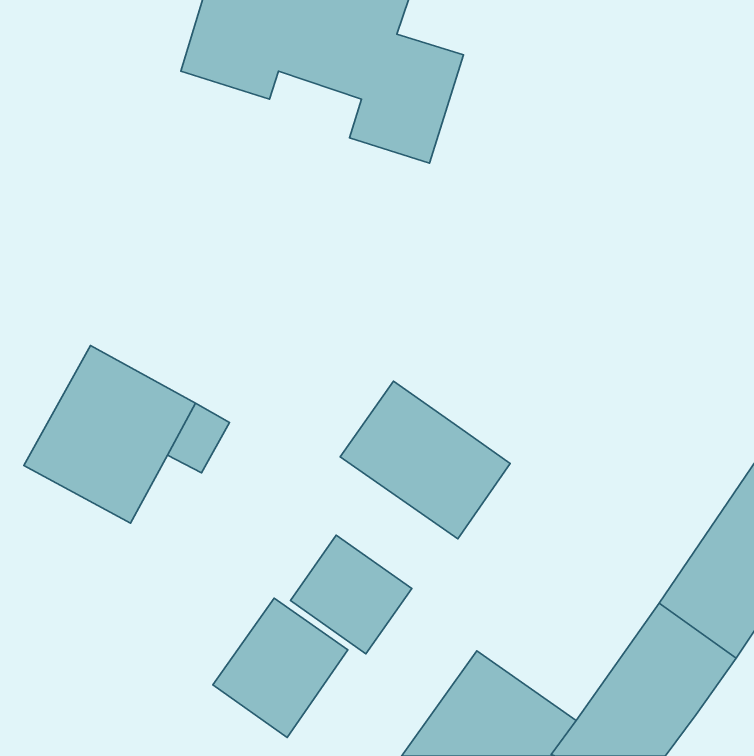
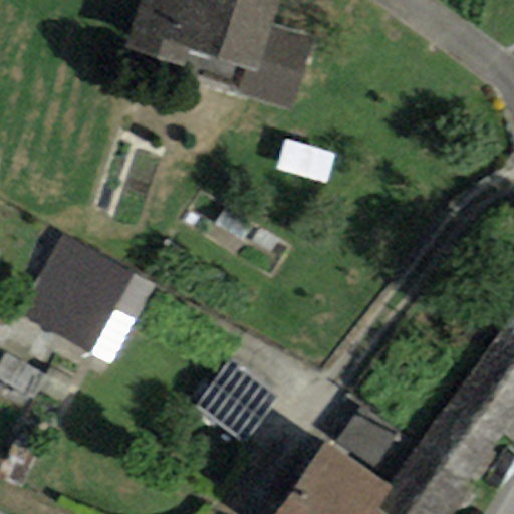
building: [340,381,510,539] -> none
building: [213,598,348,738] -> none

